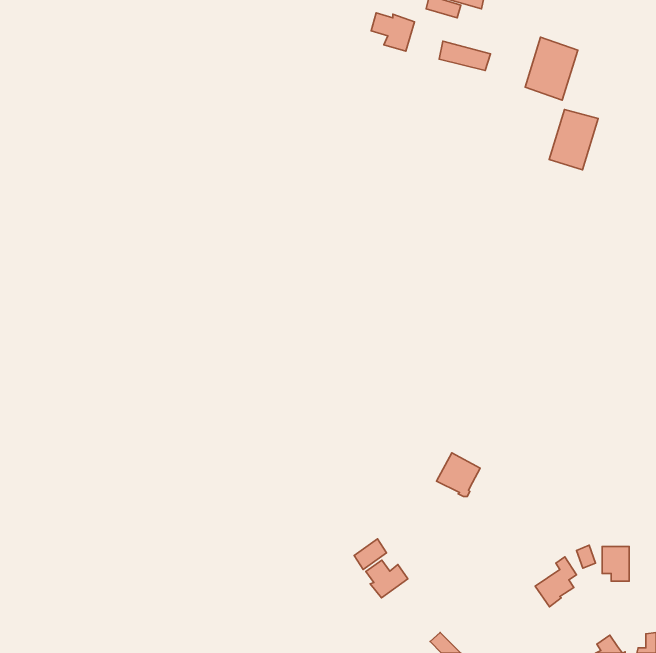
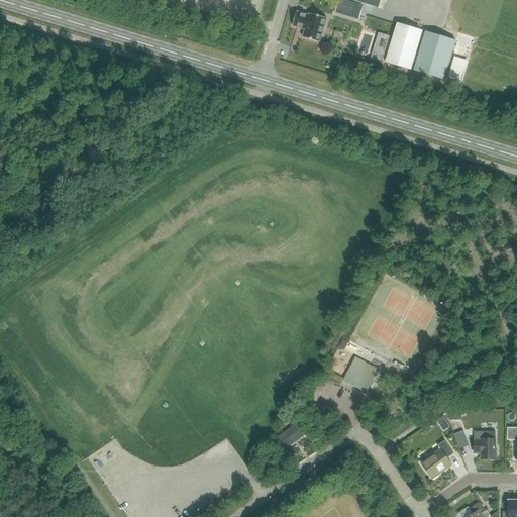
building: [549,110,598,170] -> [385,21,423,69]
building: [366,560,408,598] -> none

